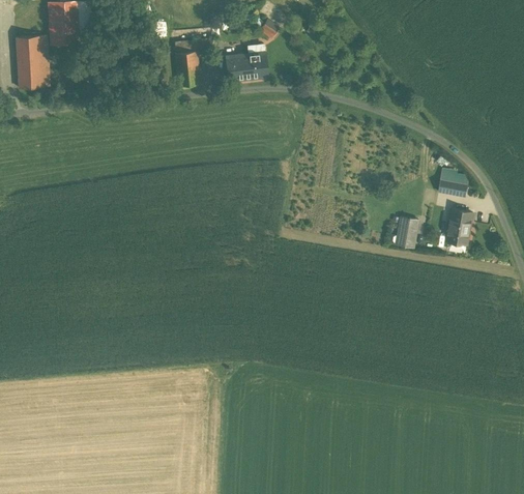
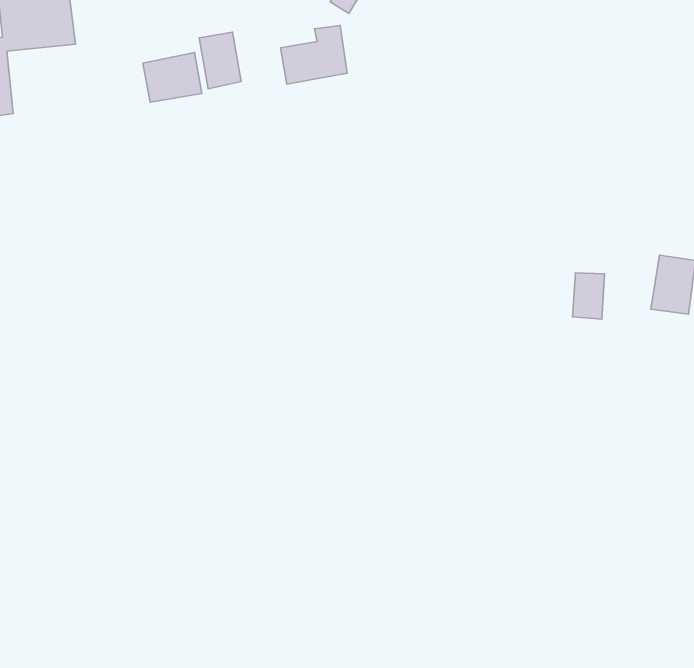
building: none -> [143,53,202,102]
building: [440,171,468,195] -> none

